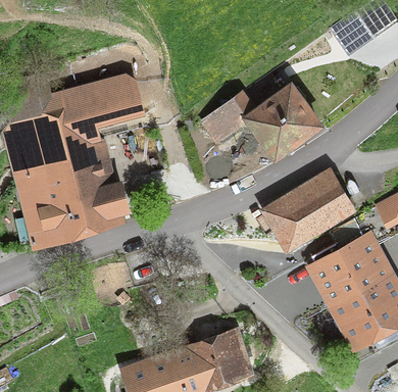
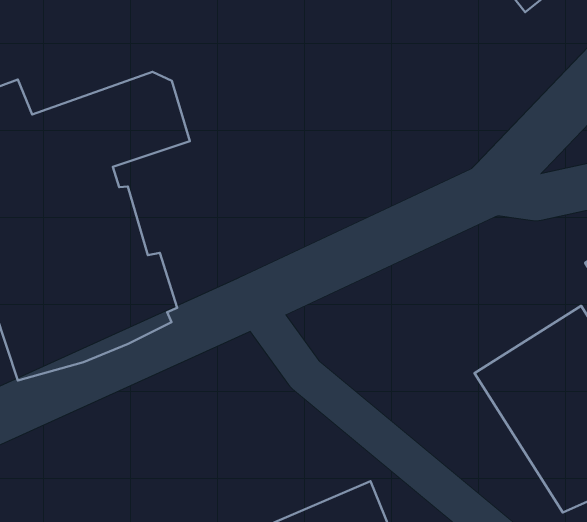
building: [200,82,327,164] -> none
building: [259,166,357,254] -> none

